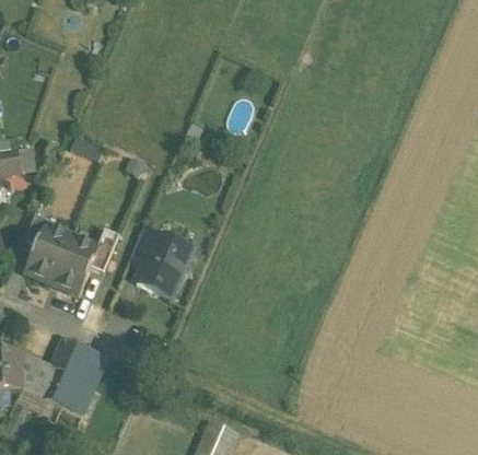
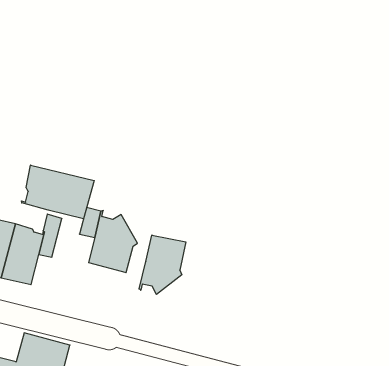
building: none -> [22,165,94,219]
building: none -> [139,235,186,294]

